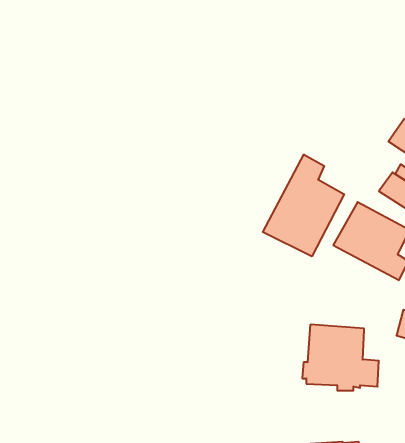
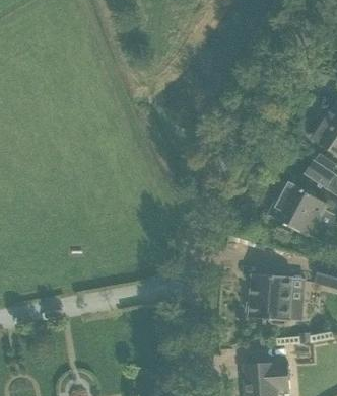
building: [263,154,344,256] -> none

